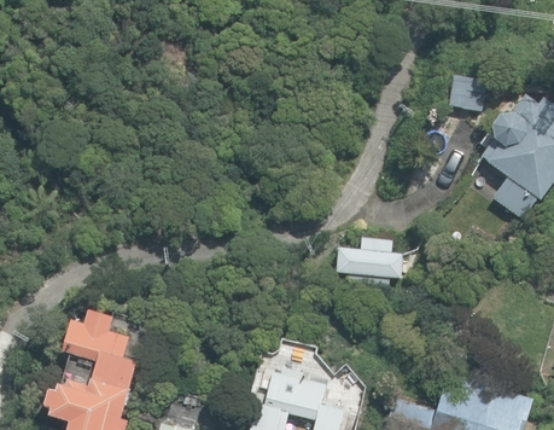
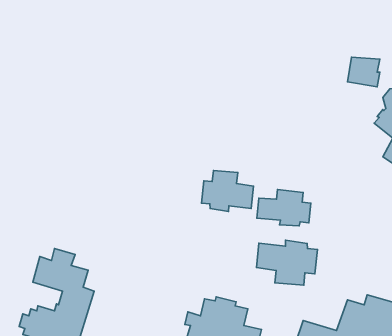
building: none -> [202,170,253,212]
building: none -> [257,240,317,285]

